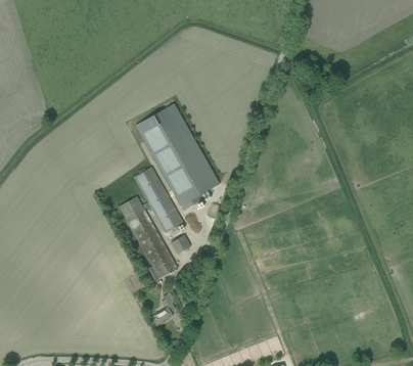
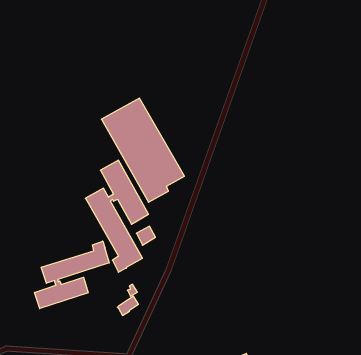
building: none -> [35,241,109,309]

